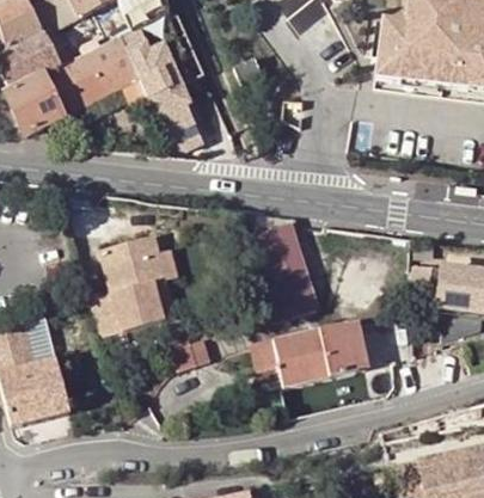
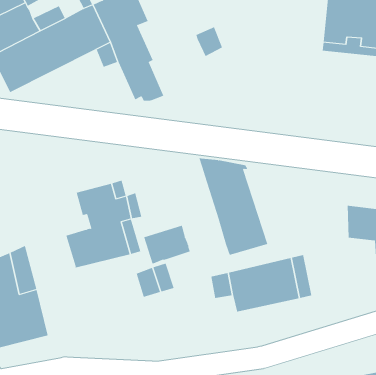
building: none -> [144,225,190,264]

